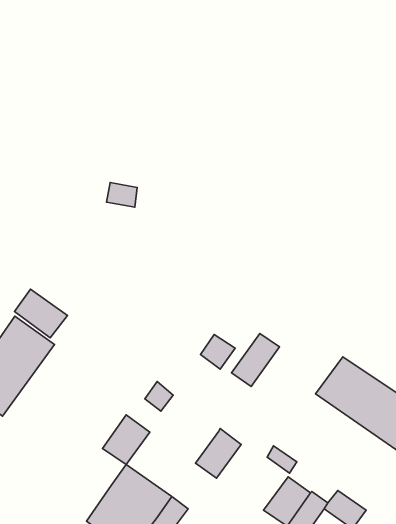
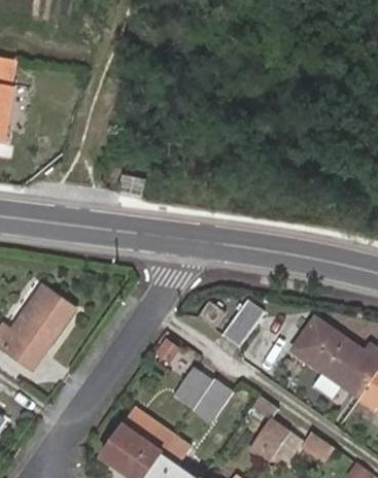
building: [14,289,67,338] -> none
building: [103,415,150,464] -> [173,367,212,408]

